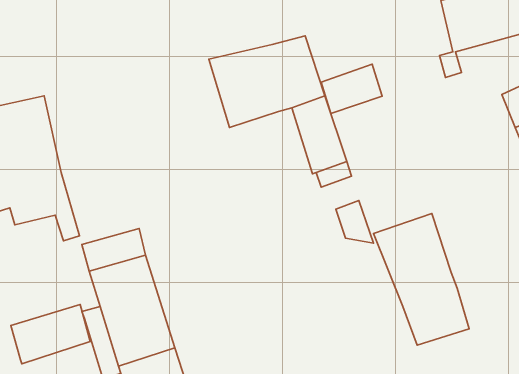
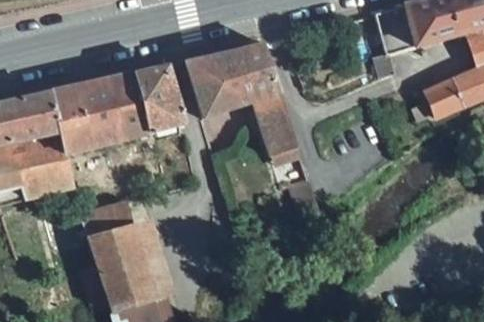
building: [321,64,382,113] -> none
building: none -> [50,65,183,153]
building: [374,213,469,345] -> none
building: [11,304,90,364] -> none

